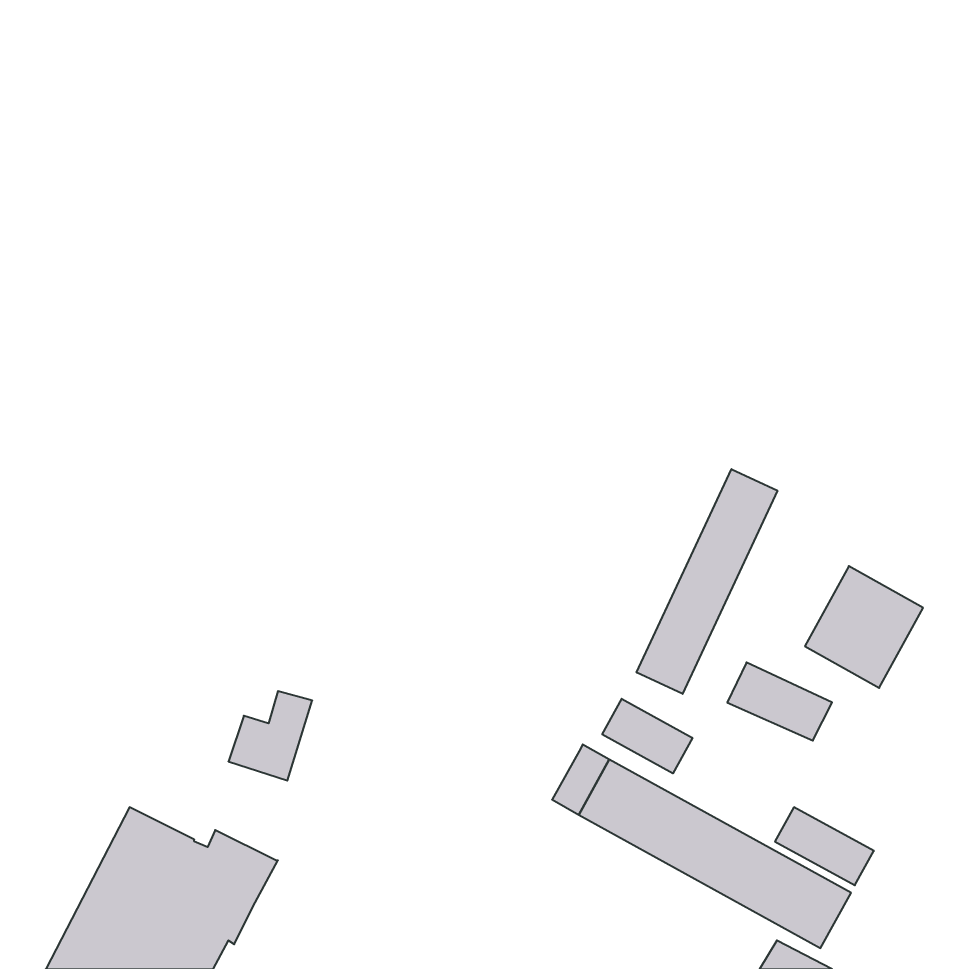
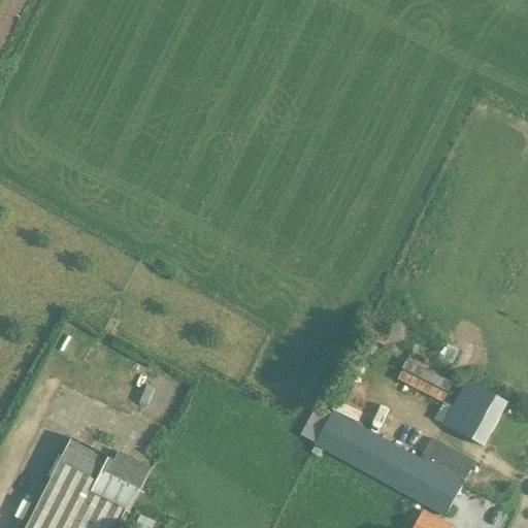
building: [637,469,777,694] -> none
building: [805,566,923,688] -> [442,380,506,446]
building: [602,699,692,773] -> none

